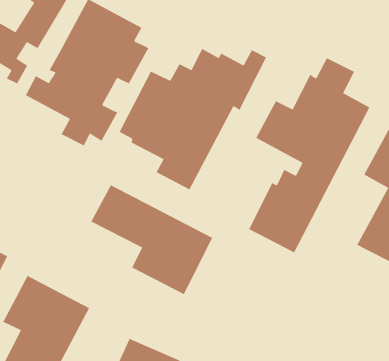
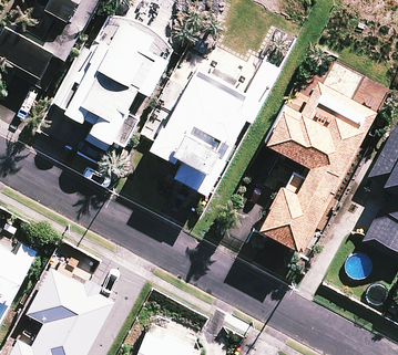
building: [90,184,213,295] -> none

